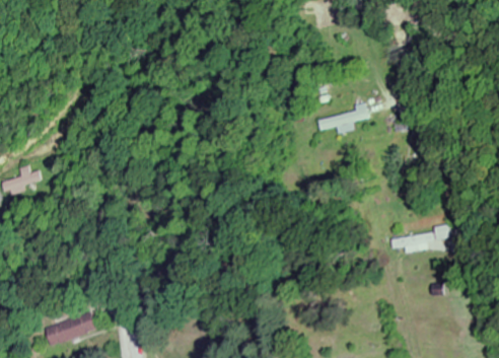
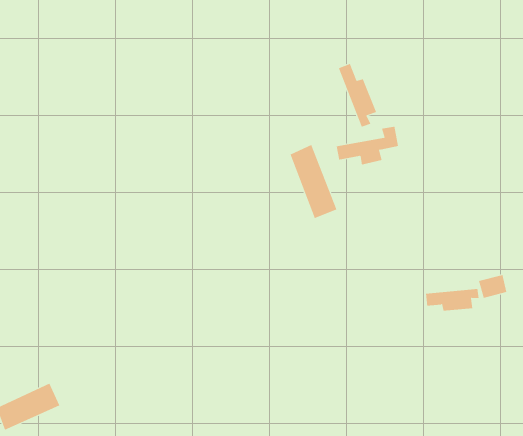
building: none -> [338,63,377,128]
building: none -> [290,144,337,219]

